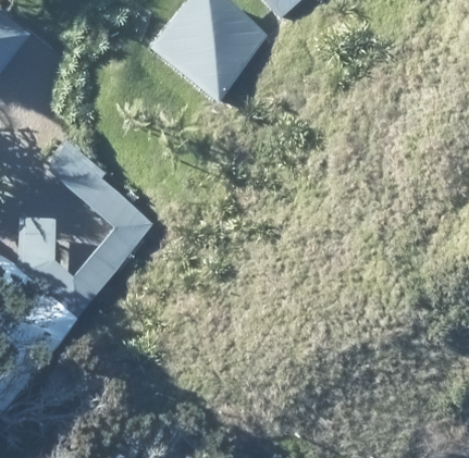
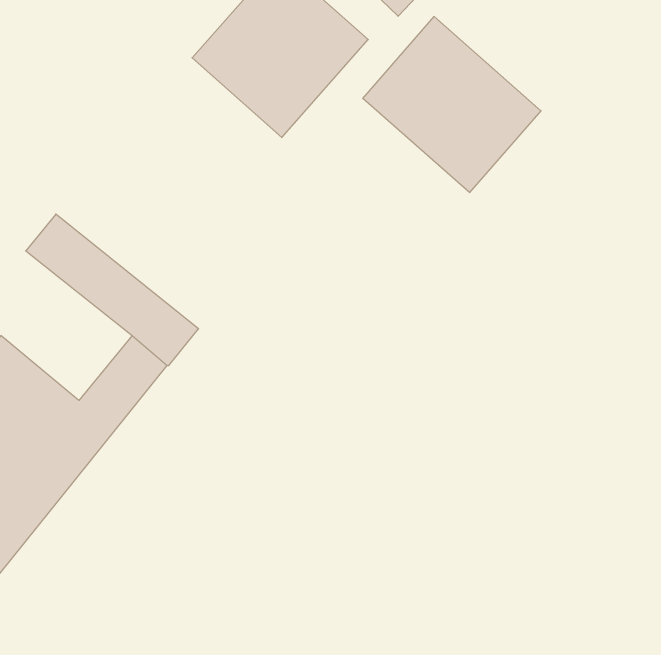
building: none -> [363,17,541,193]

